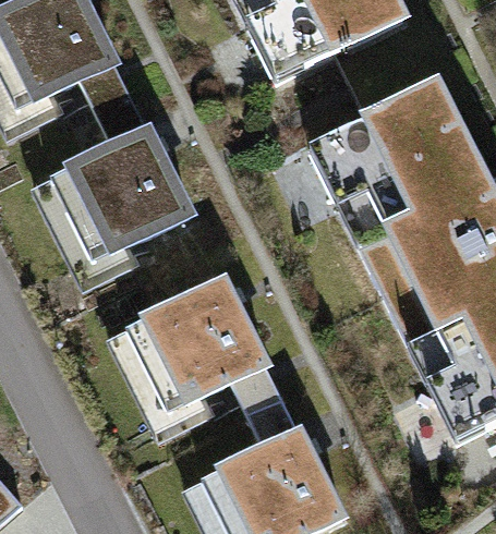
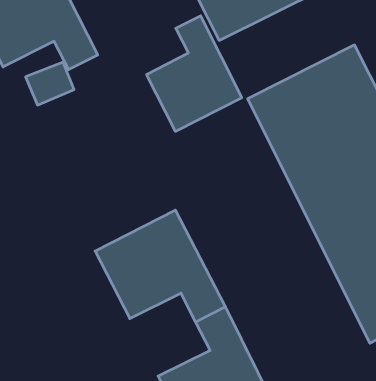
building: none -> [147,16,242,131]
building: [51,94,190,258] -> none

